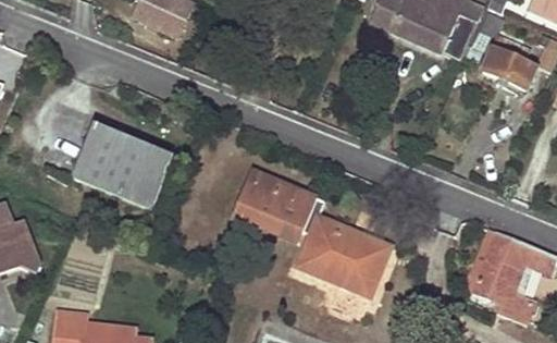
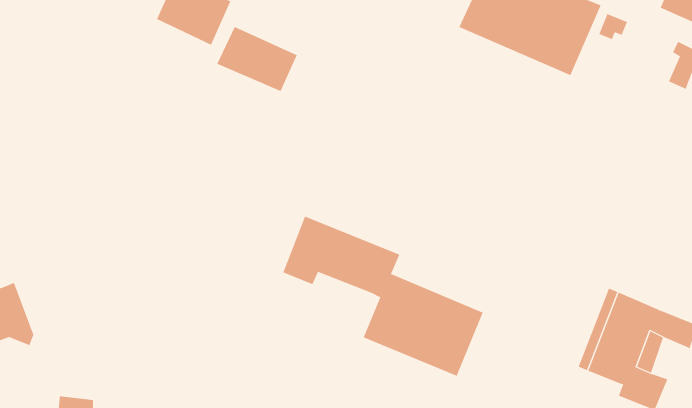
building: none -> [217,26,298,92]
building: [481,36,534,90] -> none
building: [73,124,172,209] -> none

